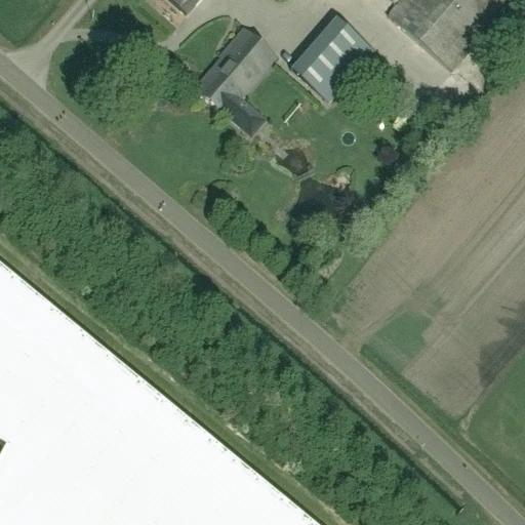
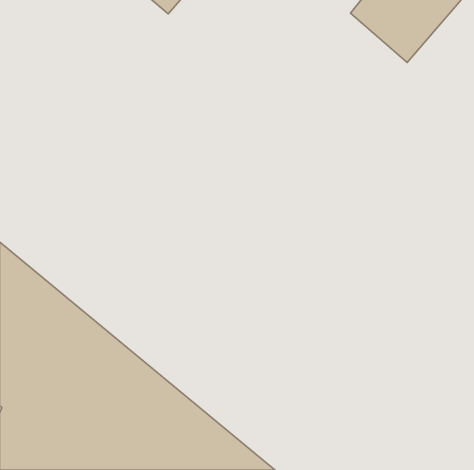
building: [290,16,373,102] -> none
building: [193,26,276,134] -> none

